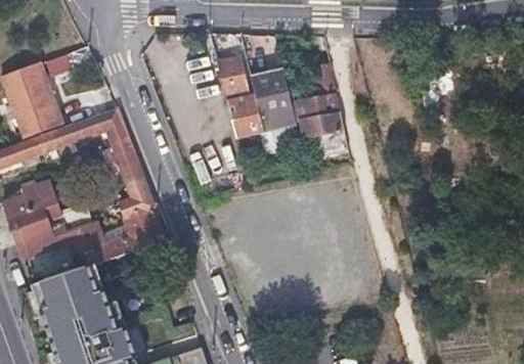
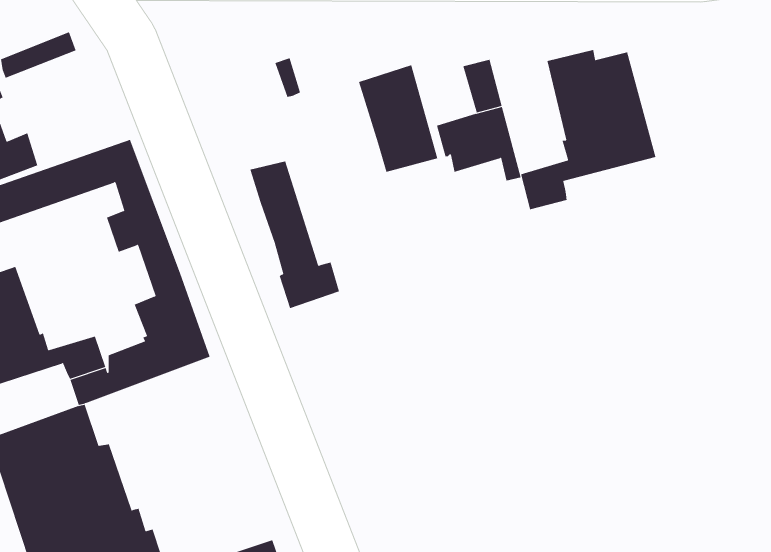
building: [214,50,267,137] -> [249,161,340,309]
building: none -> [520,49,656,210]

